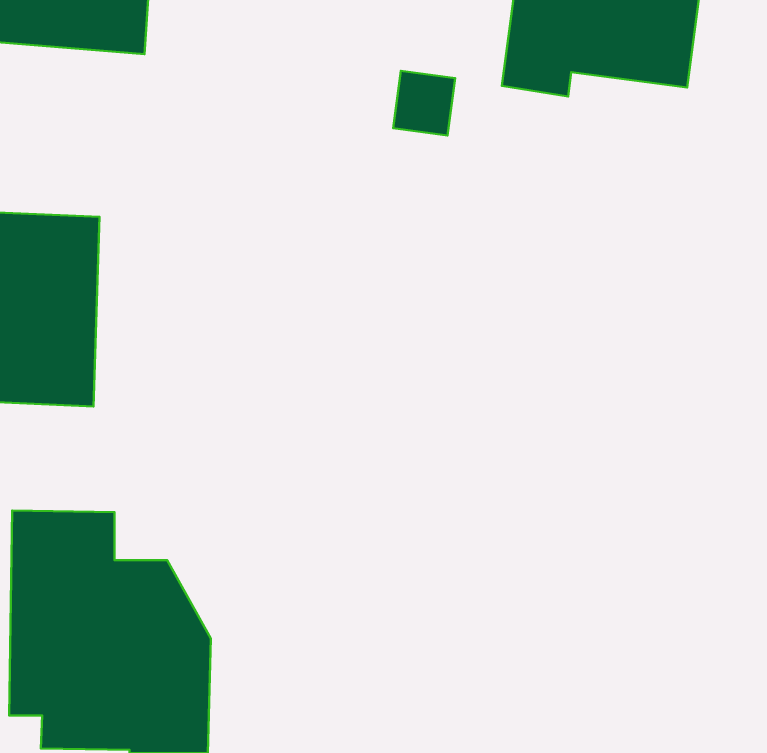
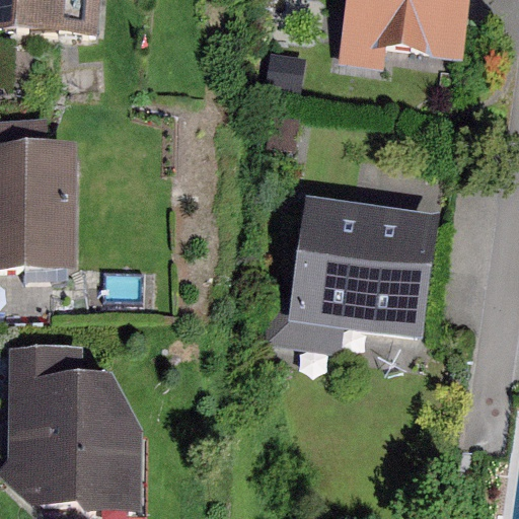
building: none -> [264,196,439,352]

